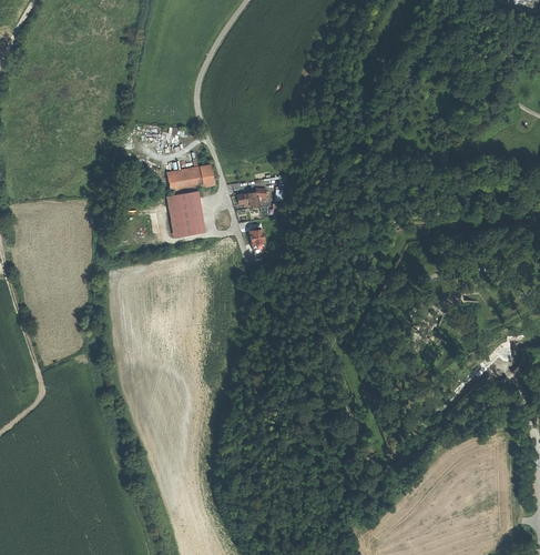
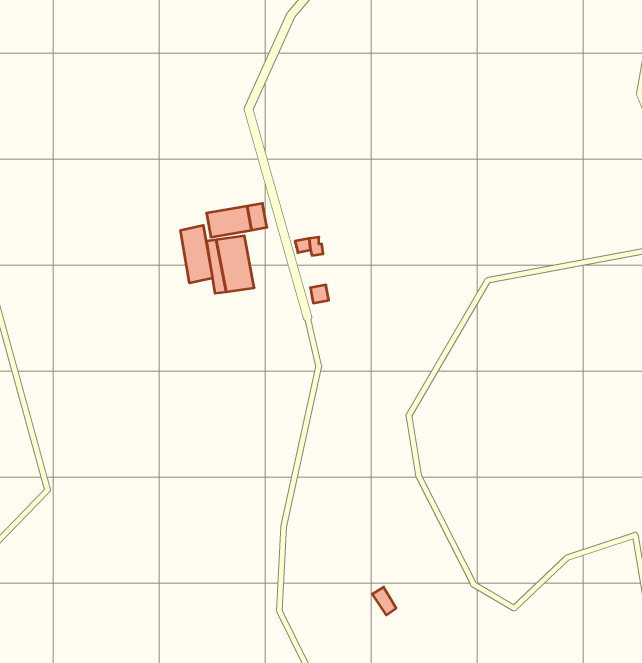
building: none -> [181,225,212,283]

